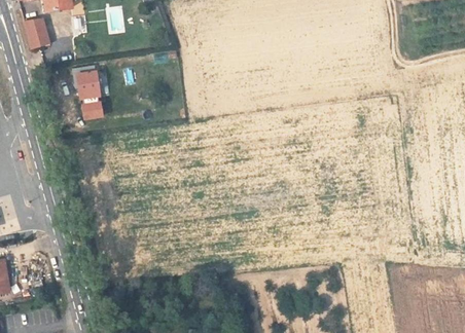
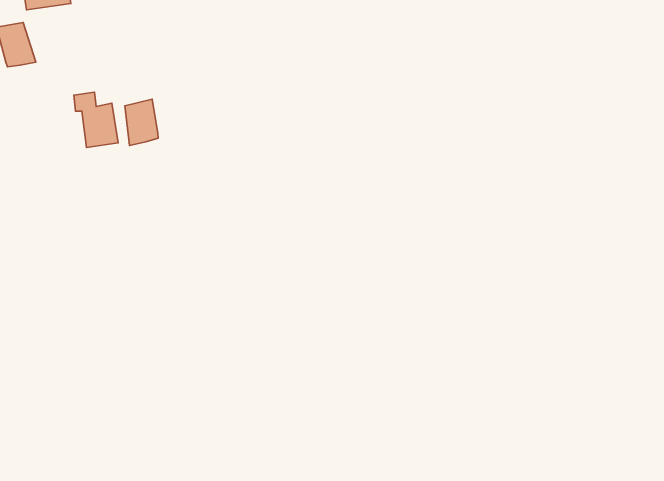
building: none -> [125,99,158,146]

